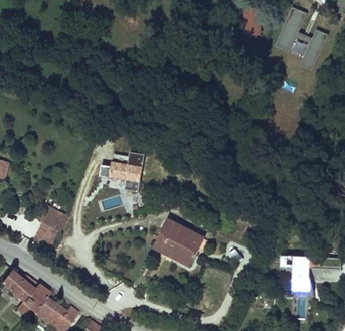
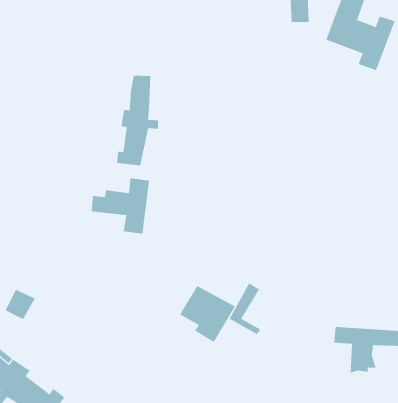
building: none -> [116,75,158,166]
building: [37,212,65,238] -> none
building: [153,221,177,261] -> [229,283,261,335]

